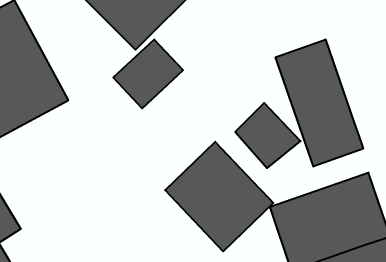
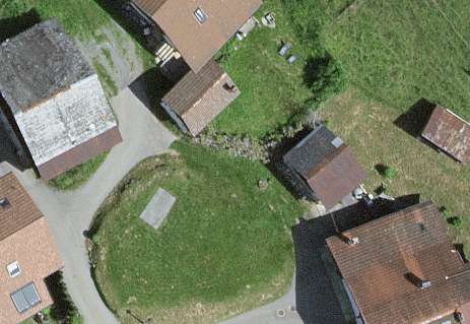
building: [276,39,363,167] -> none
building: [165,142,273,251] -> none

